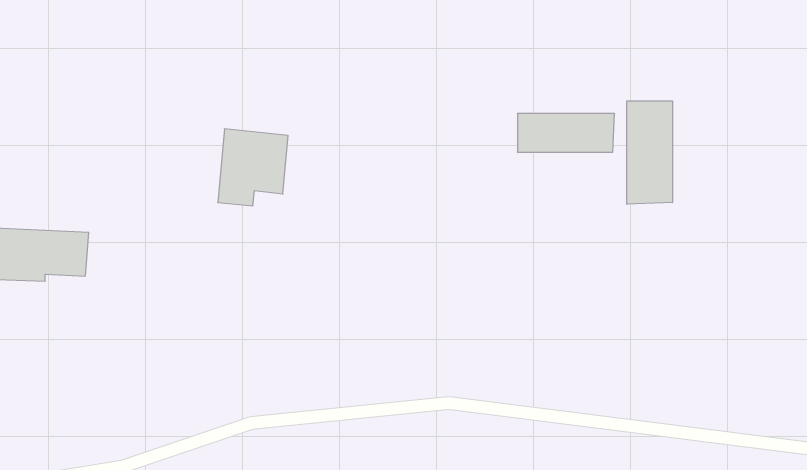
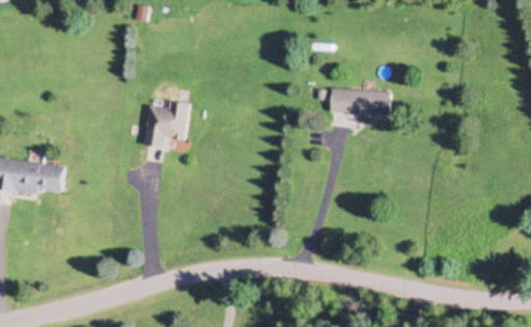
building: [627,101,672,204] -> none

